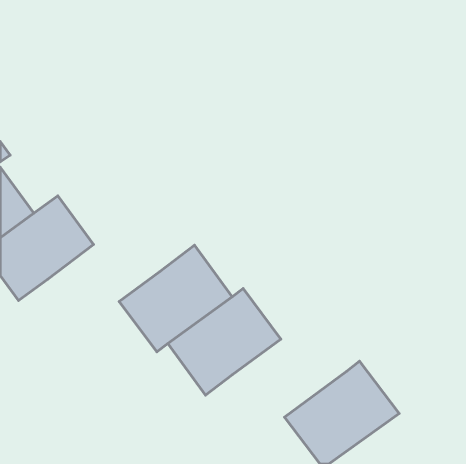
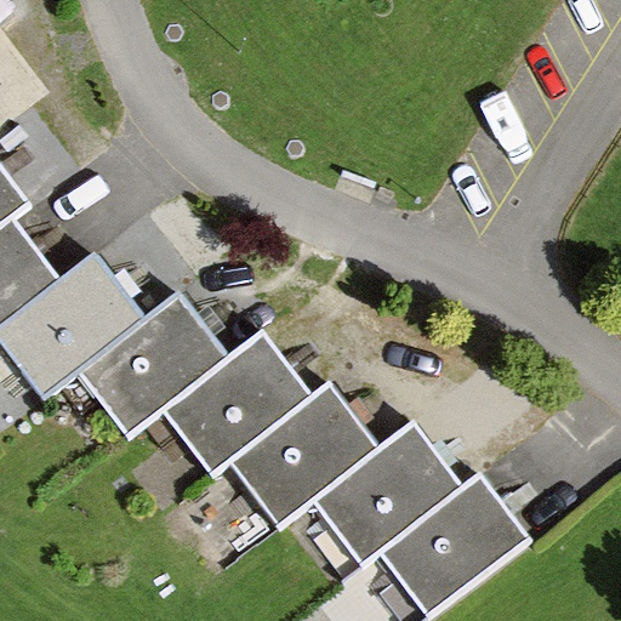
building: none -> [67,295,215,432]
building: none -> [310,421,462,564]

